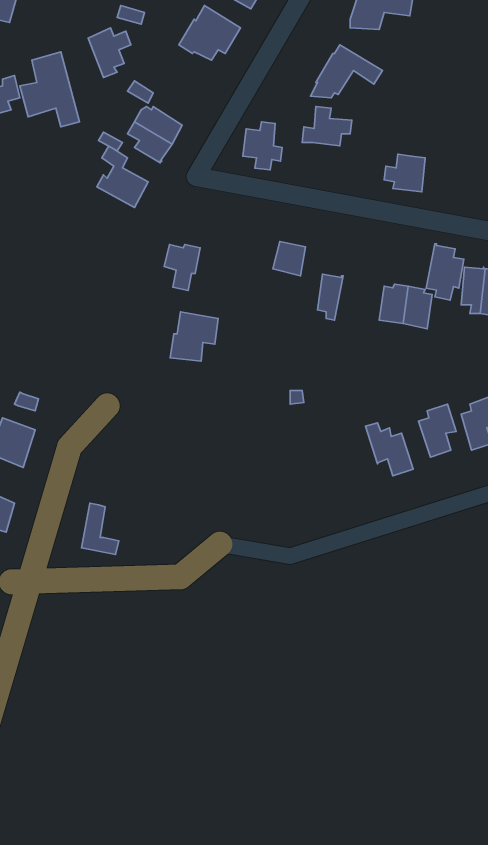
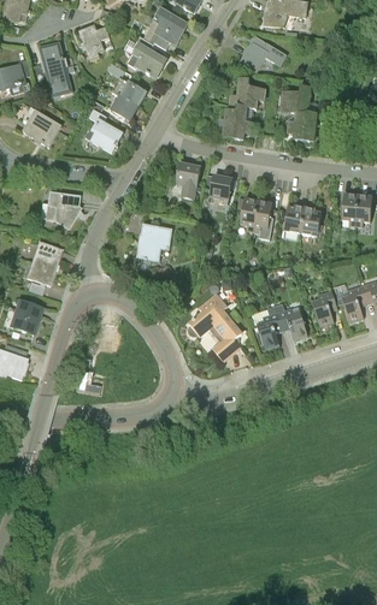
building: none -> [126,35,165,76]
building: none -> [281,88,310,114]
building: [243,122,282,170] -> [223,105,251,138]
building: none -> [22,106,60,146]
building: [426,244,464,300] -> [252,198,278,238]
building: [164,244,200,291] -> [175,165,200,197]
building: none -> [47,192,78,226]
building: none -> [25,241,60,284]
building: none -> [188,291,241,361]
building: none -> [251,304,282,348]

